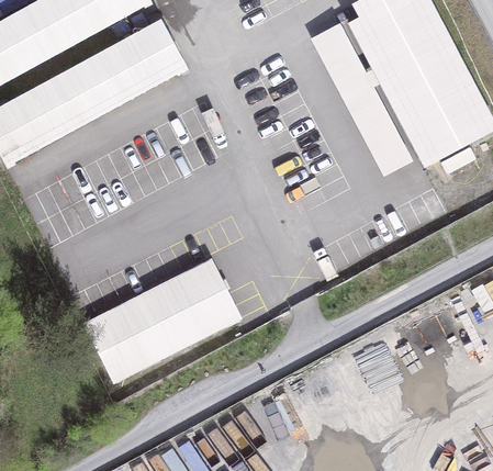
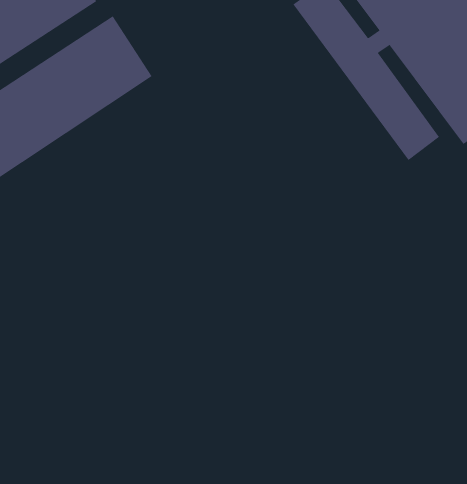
building: [81,254,239,378] -> none

